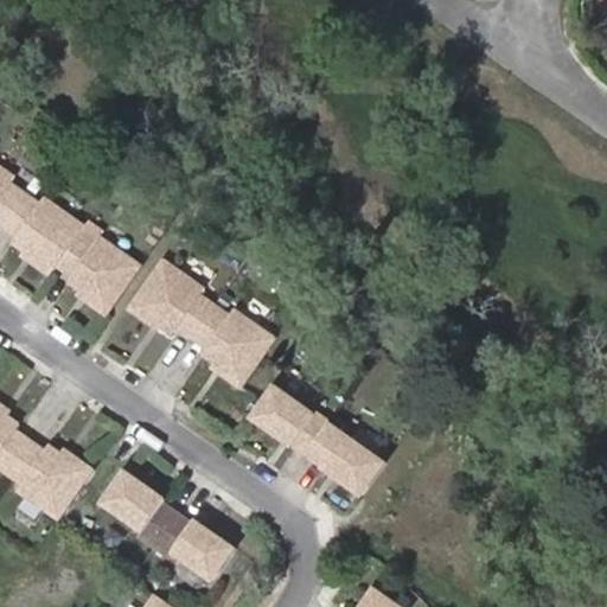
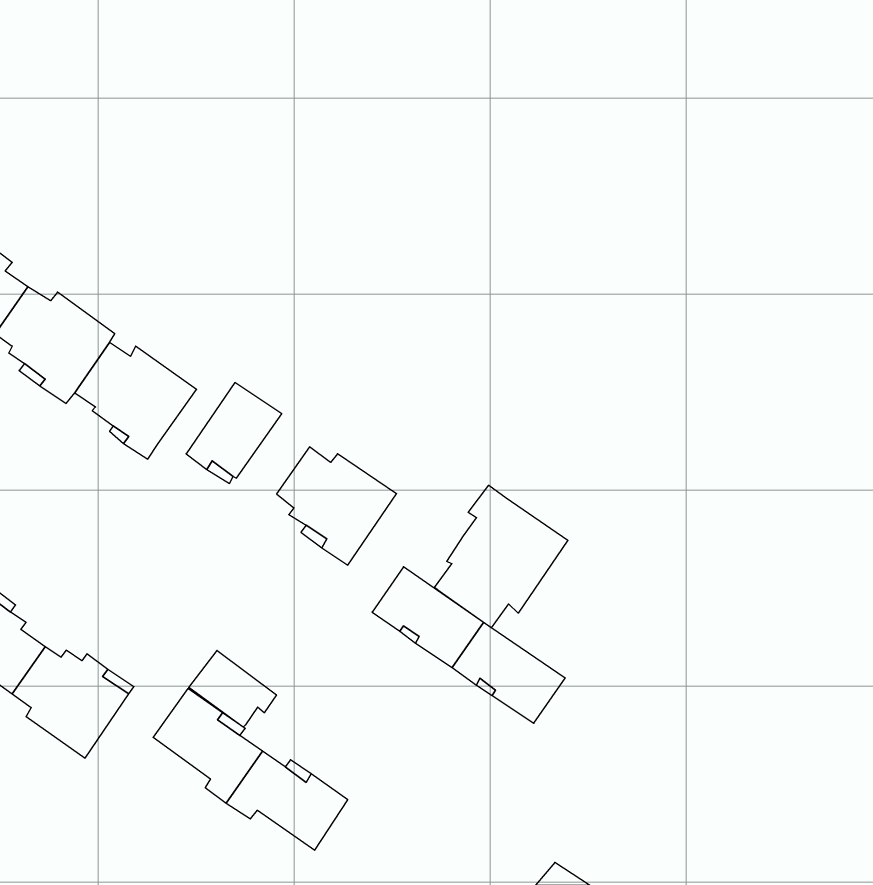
building: [161,282,211,337] -> none
building: none -> [434,485,568,628]
building: none -> [189,650,276,727]

